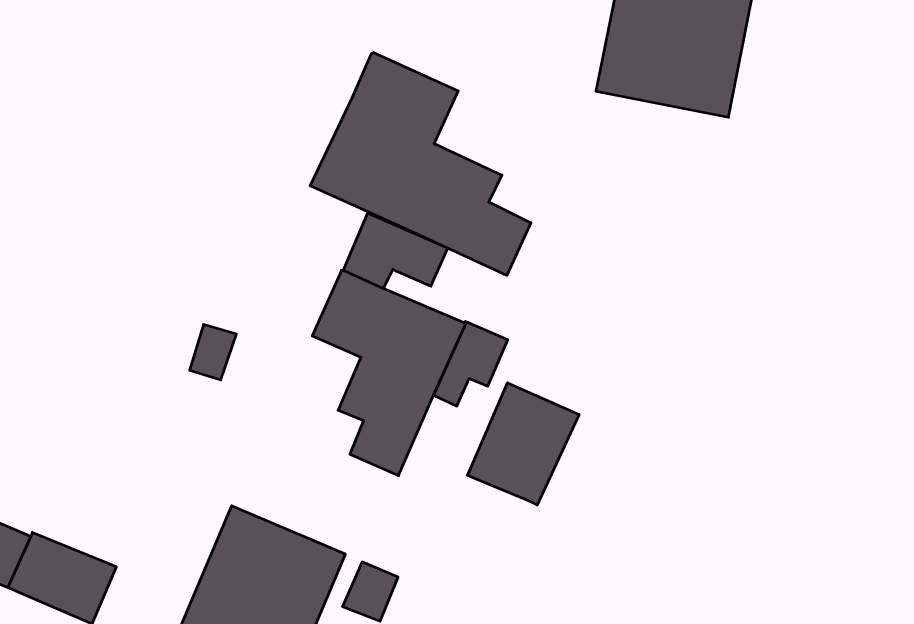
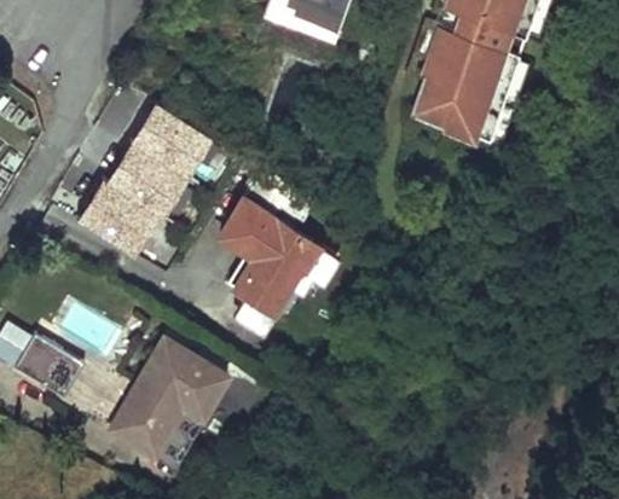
building: [310,52,531,275] -> none
building: none -> [76,103,212,253]
building: [467,383,579,505] -> none

